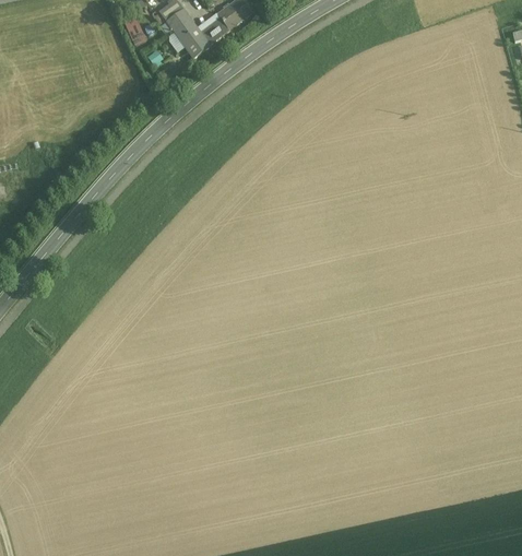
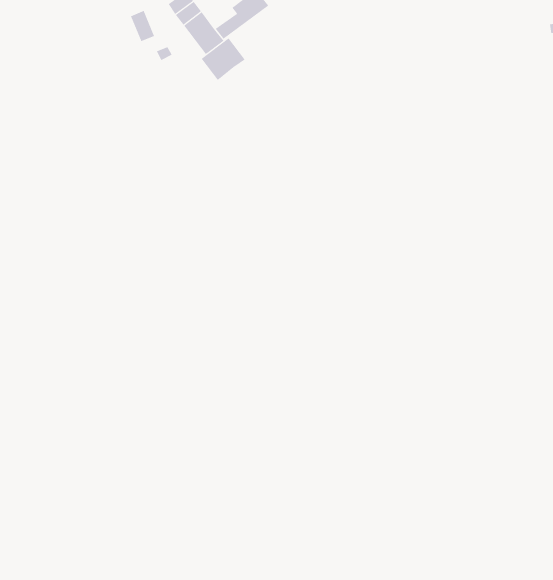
building: none -> [201,38,245,81]

